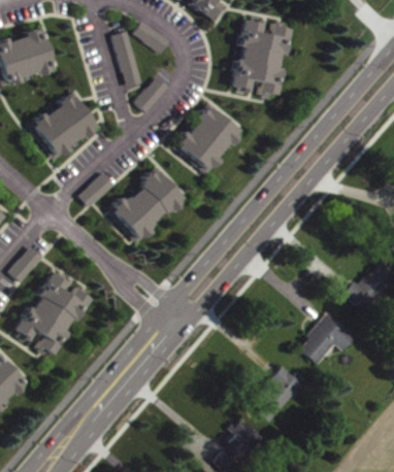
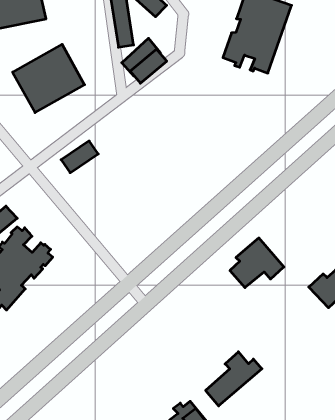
building: [171,103,242,173] -> none
building: [105,166,184,242] -> none
building: [301,312,353,362] -> [230,238,284,288]

